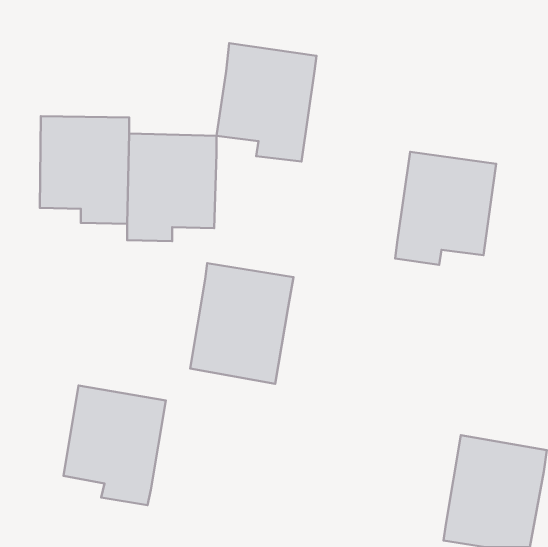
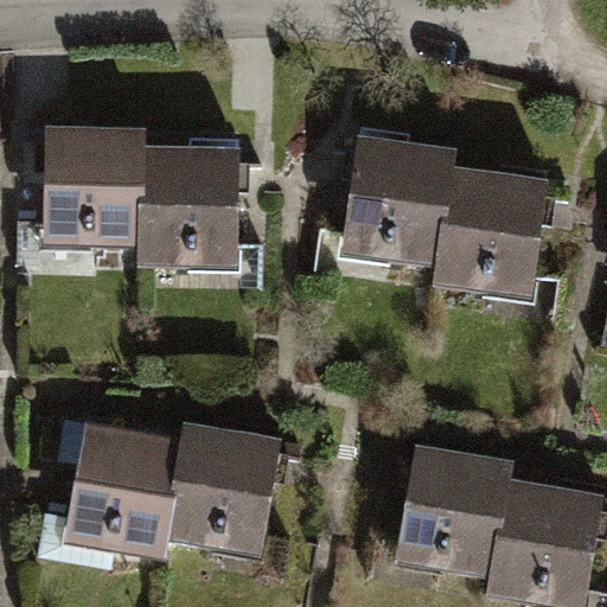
building: [216,43,317,162] -> [344,136,454,267]
building: [190,263,293,384] -> [166,423,280,556]
building: none -> [396,446,511,577]

